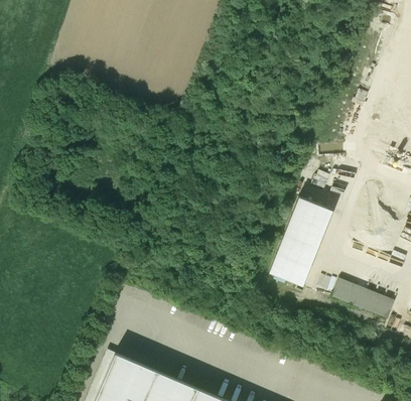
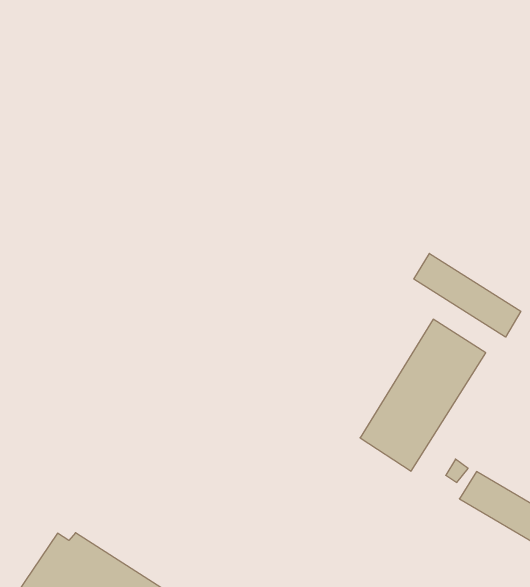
building: none -> [414,253,521,337]

